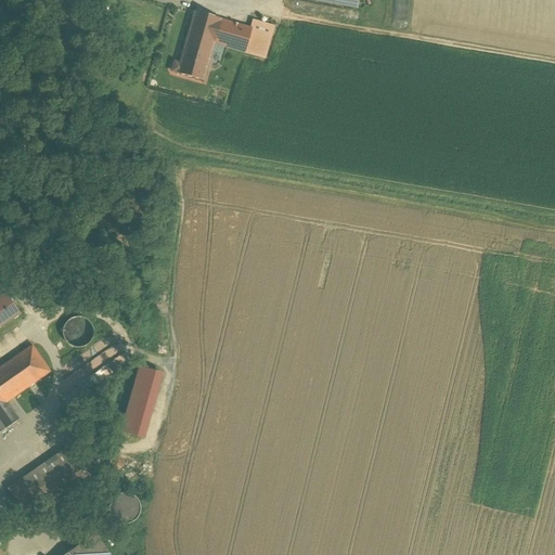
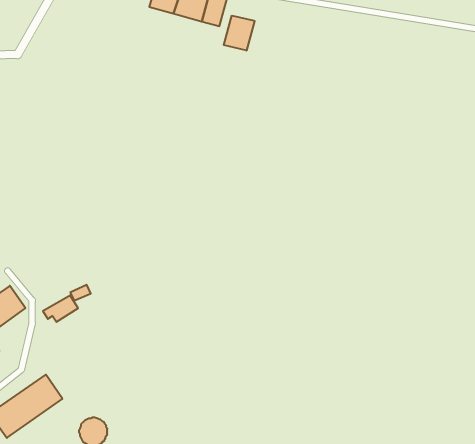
building: [172,35,221,79] -> none
building: none -> [224,16,255,51]
building: [62,314,93,346] -> none
building: [122,363,165,436] -> none

